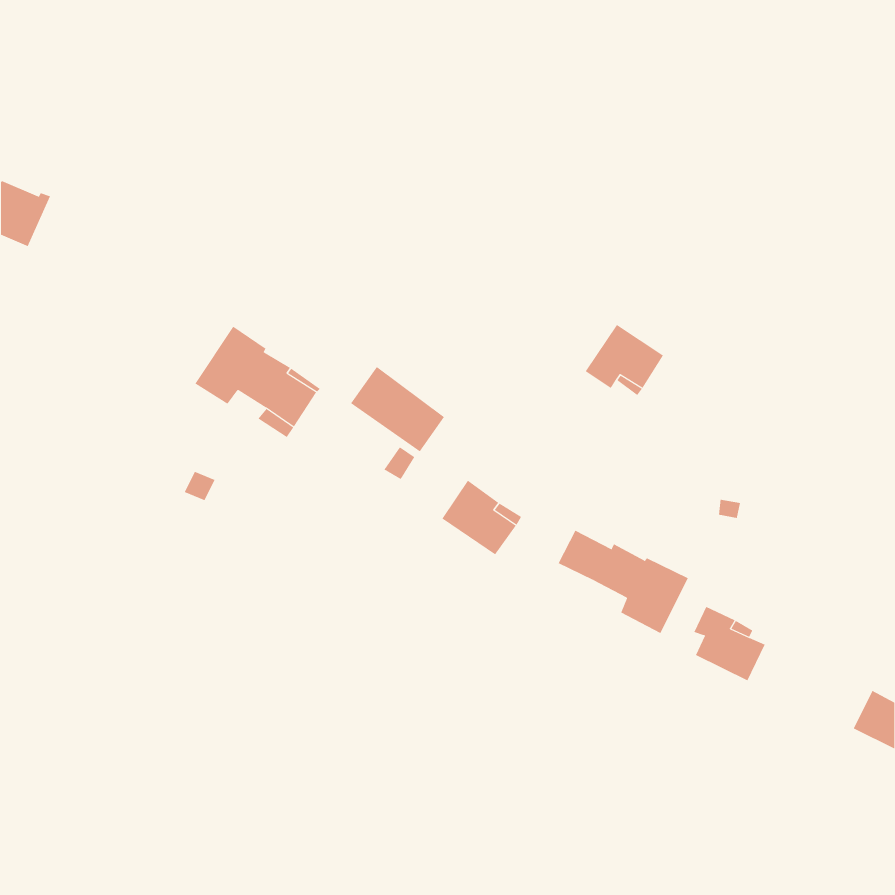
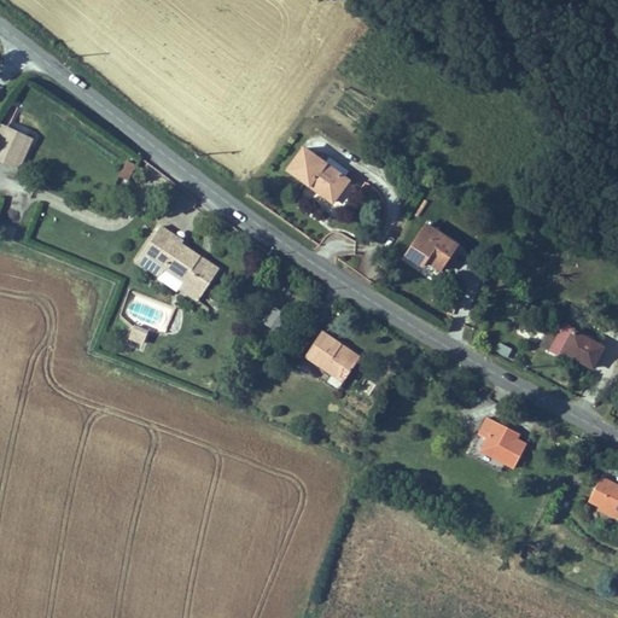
building: [350,366,445,452] -> [285,145,350,204]
building: none -> [548,322,605,369]
building: [558,530,688,634] -> none

